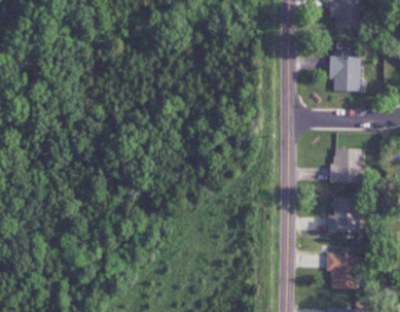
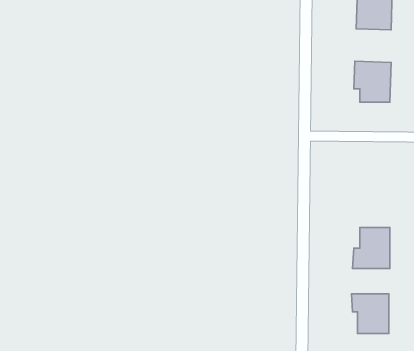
building: [329,148,361,182] -> none

